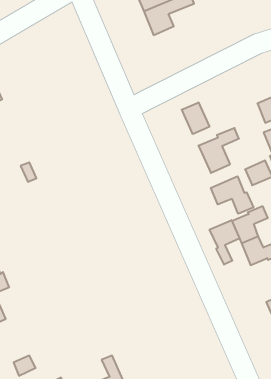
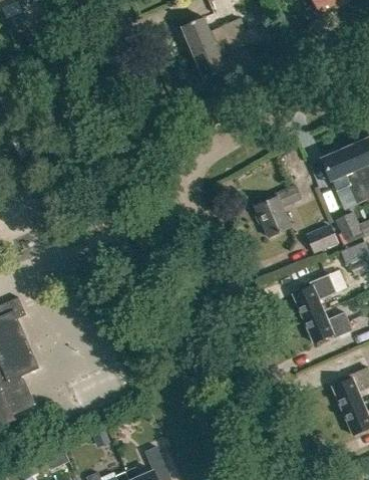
building: [182,102,209,134] -> none
building: [211,176,253,214] -> none
building: [210,220,239,265] -> none

